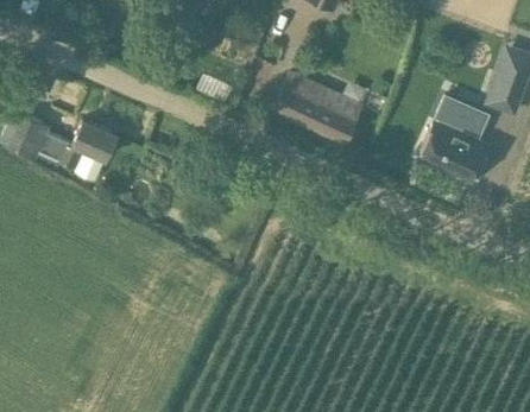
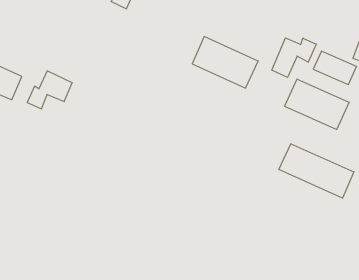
building: none -> [272,38,316,77]
building: none -> [279,144,354,198]

